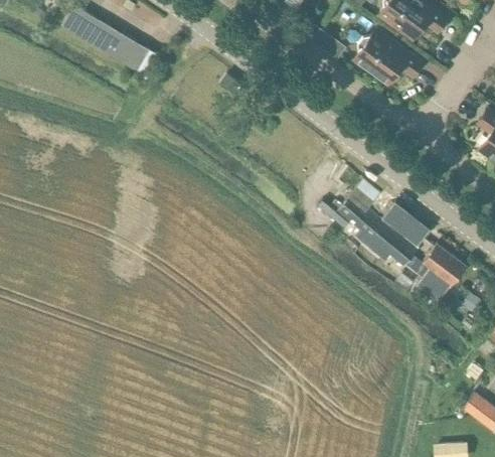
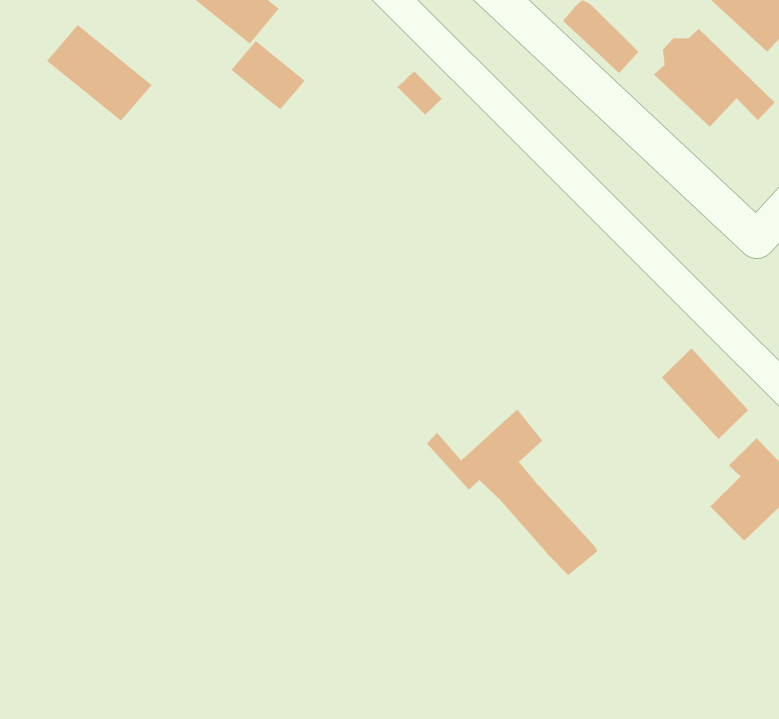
building: none -> [231,40,306,110]
building: none -> [46,24,152,121]
building: [318,181,418,267] -> [426,409,598,576]

